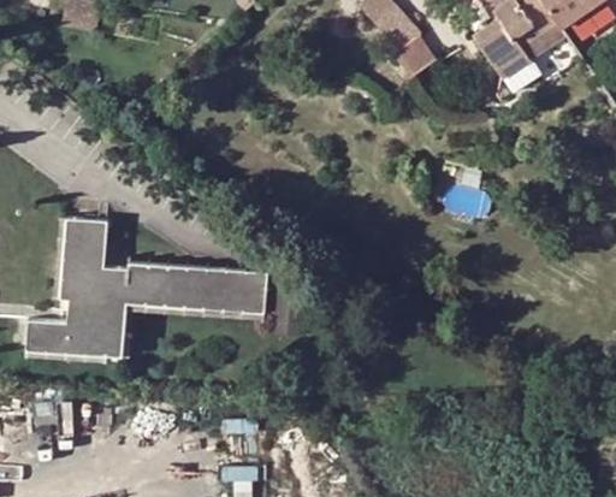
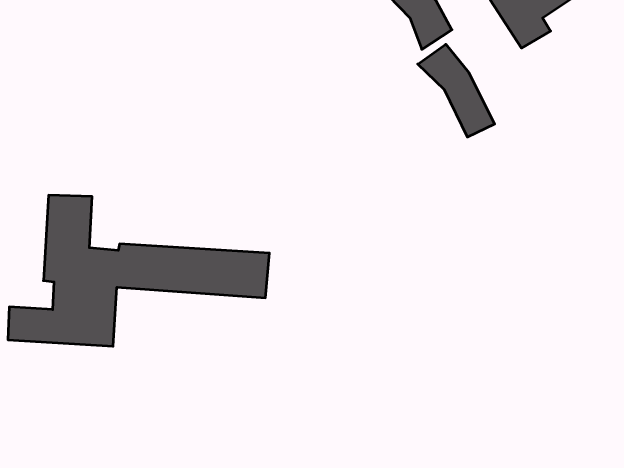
building: none -> [418,44,495,137]

